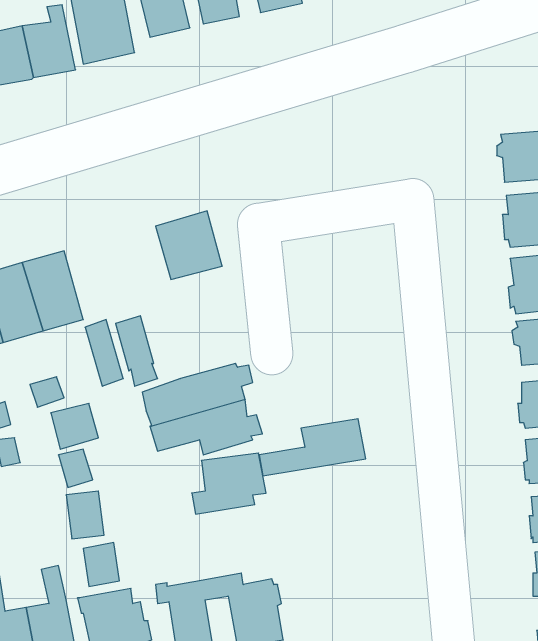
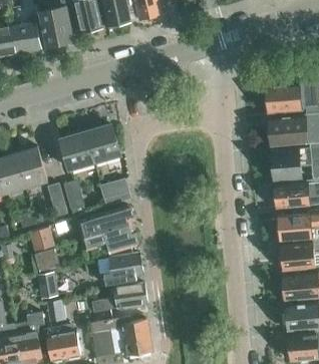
building: none -> [60,132,94,167]
building: none -> [99,178,130,206]
building: [259,419,366,476] -> [91,282,147,312]

